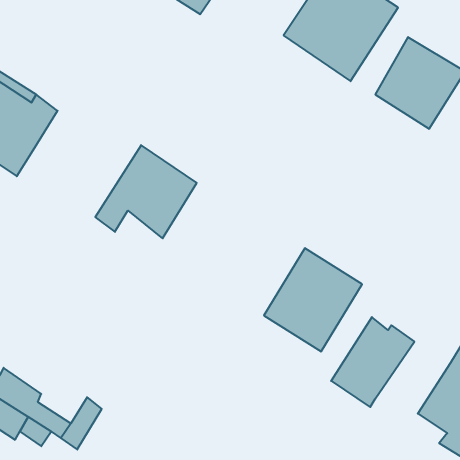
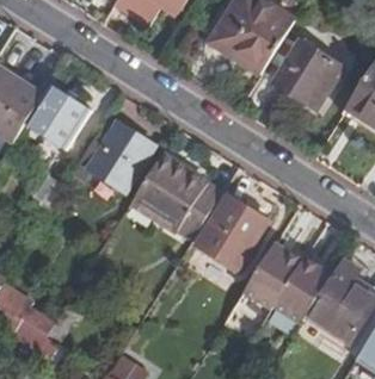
building: none -> [26,83,91,150]
building: none -> [130,154,220,240]
building: none -> [276,257,331,324]

